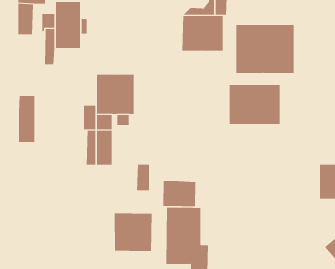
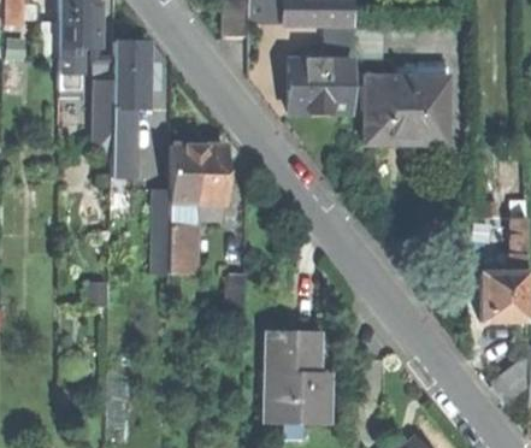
building: [229,84,280,125] -> none
building: [18,95,35,143] -> [111,108,135,175]
building: [163,180,196,207] -> none
building: [114,213,152,252] -> none

